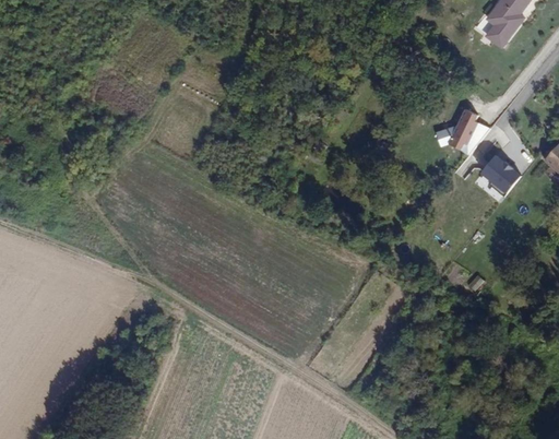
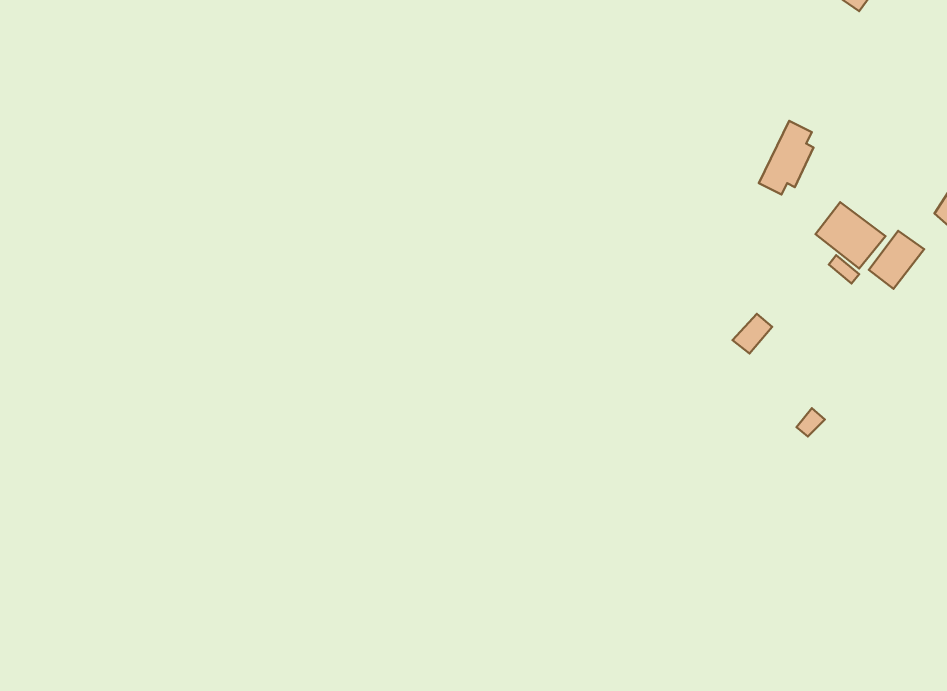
building: none -> [869,231,924,289]

